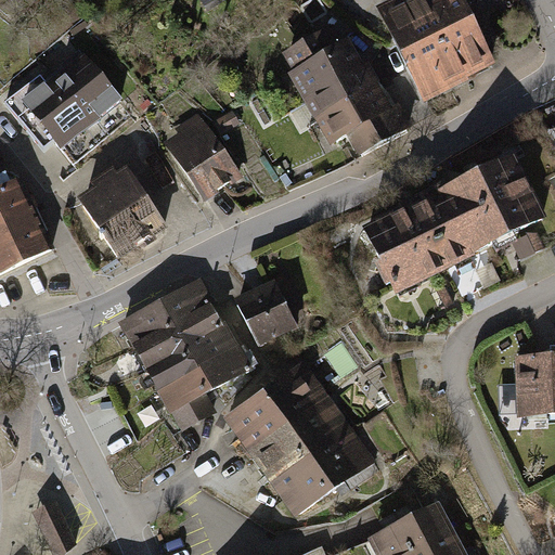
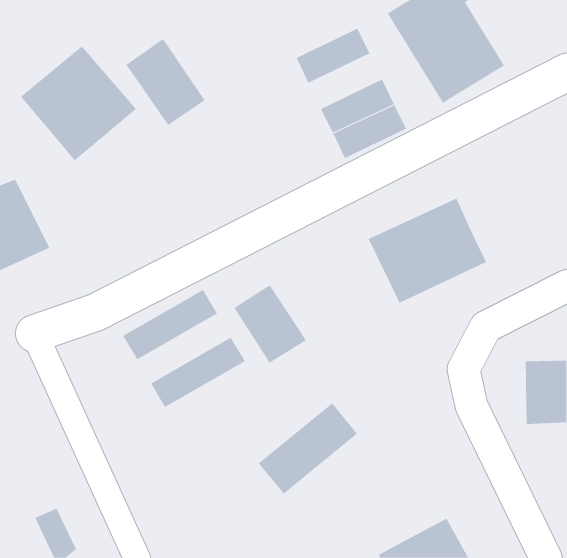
building: [300,52,373,106] -> none
building: [164,109,242,195] -> [126,38,206,126]
building: [74,159,164,253] -> none
building: [446,164,539,256] -> none
building: [133,306,225,374] -> none
building: [160,352,253,421] -> none
building: [227,362,324,452] -> none
building: [276,423,374,513] -> none

